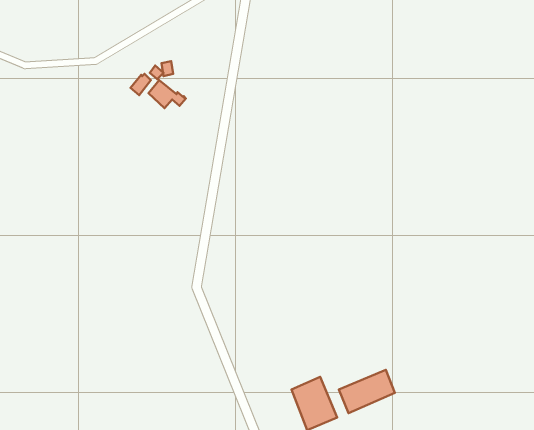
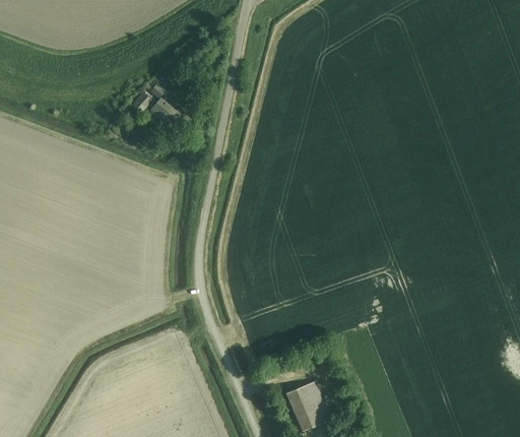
building: [339,370,395,413] -> none

